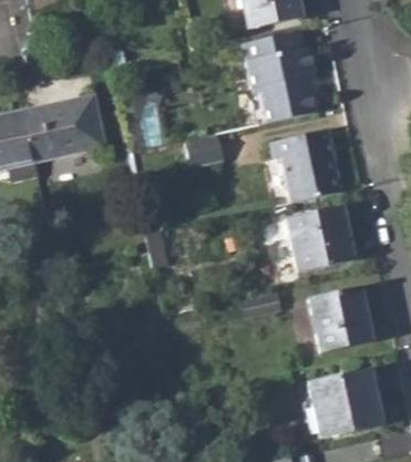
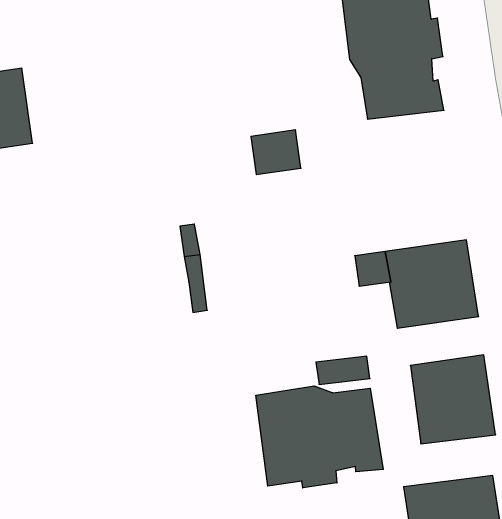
building: [23,94,104,161] -> none
building: [271,131,340,203] -> none
building: none -> [256,386,383,488]

